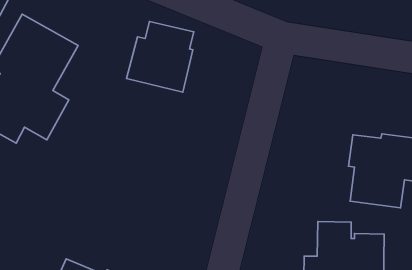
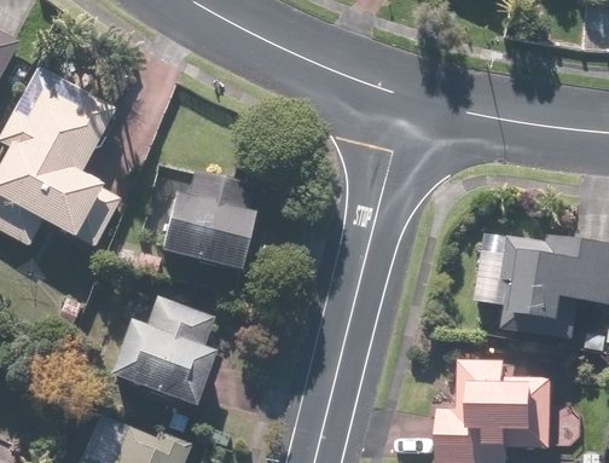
building: [127,22,194,92] -> [161,170,256,271]
building: none -> [109,295,218,407]

